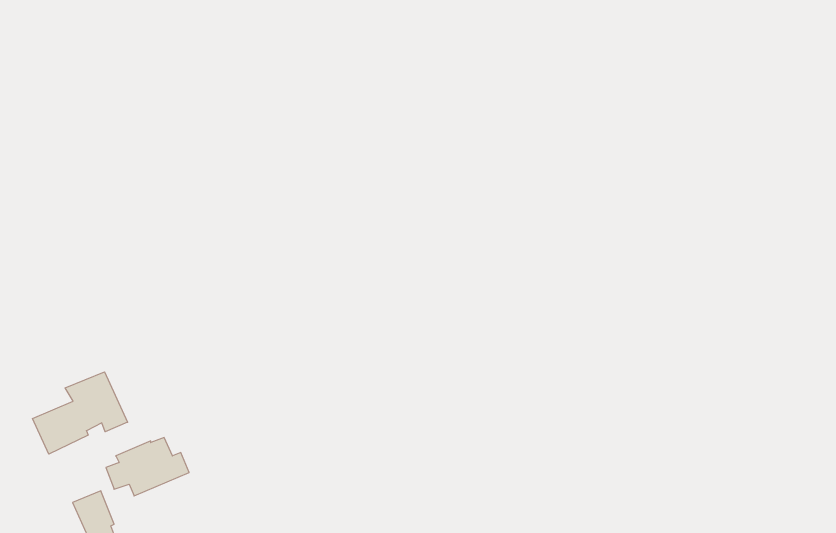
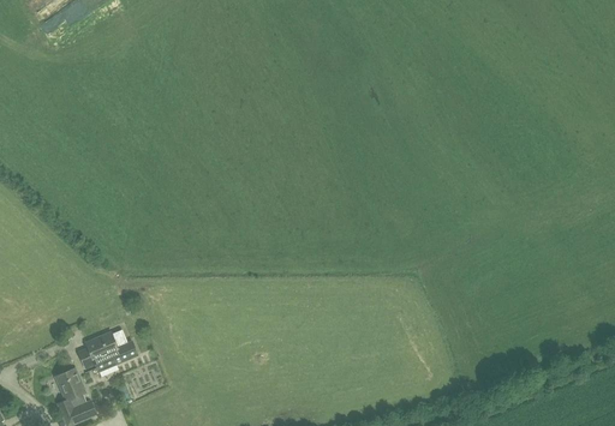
building: [32,372,128,454] -> none

